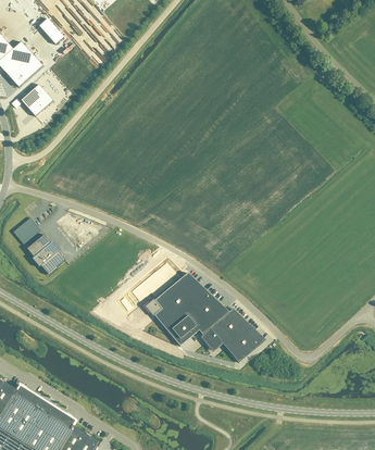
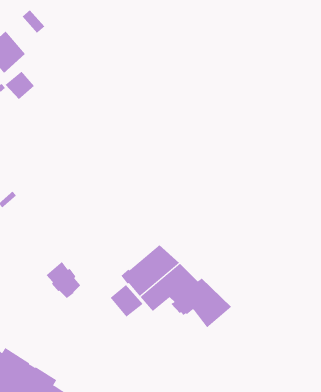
building: [26,233,64,274] -> [46,261,81,299]
building: none -> [110,284,143,317]

